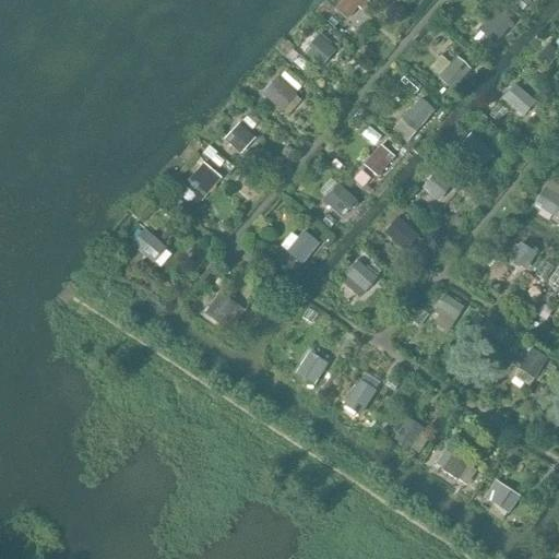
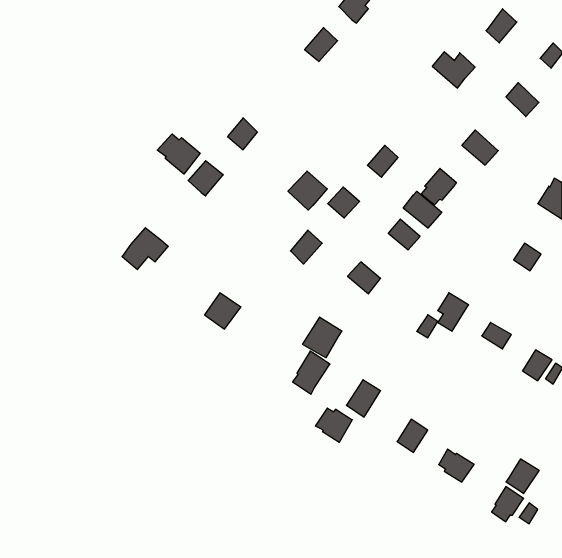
building: [262,73,302,112] -> none
building: [394,96,436,140] -> none
building: none -> [157,134,200,174]
building: none -> [288,171,327,210]
building: none -> [403,191,442,228]
building: none -> [303,317,342,358]
building: none -> [315,408,352,442]
building: none -> [506,459,539,494]

